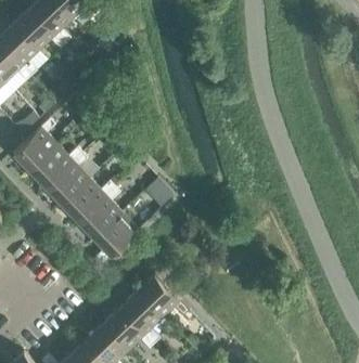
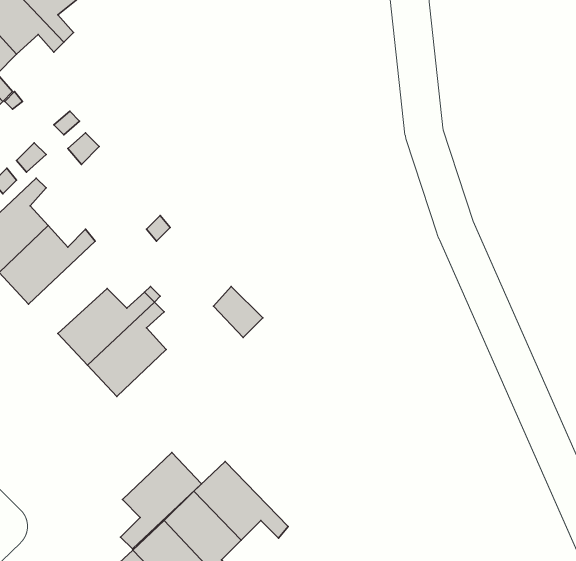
building: [44,154,88,205] -> none
building: [92,213,137,267] -> [121,452,201,549]

